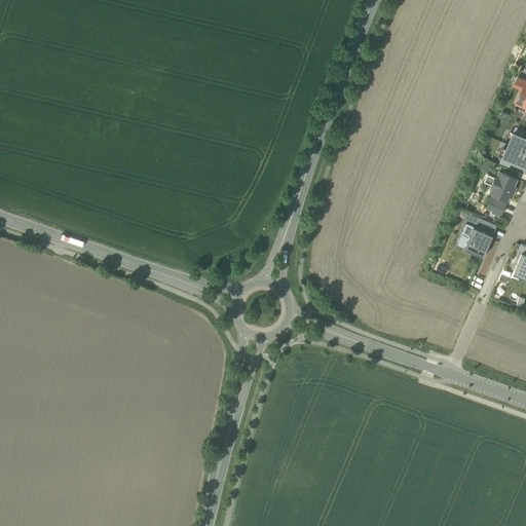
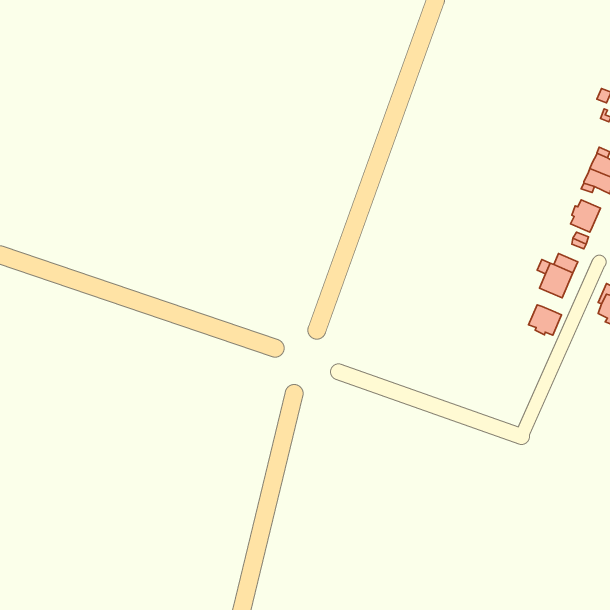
building: none -> [528,305,562,335]

